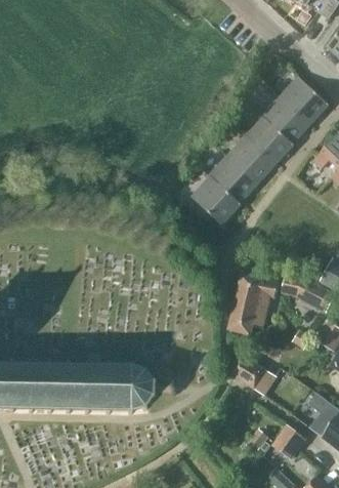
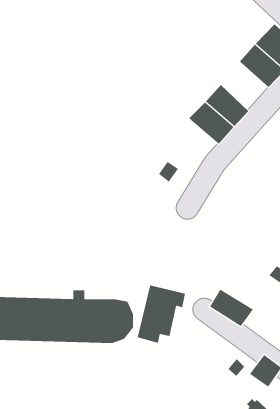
building: [242,116,294,167] -> none
building: [192,176,241,223] -> none
building: [227,273,279,334] -> [137,285,186,343]

